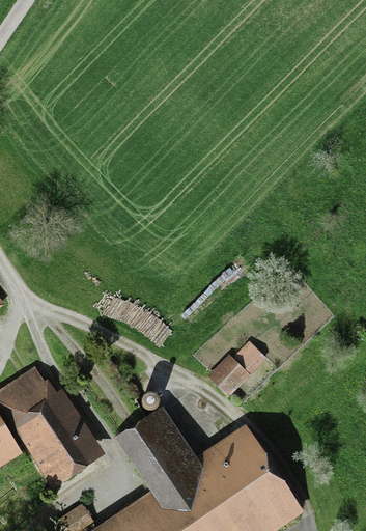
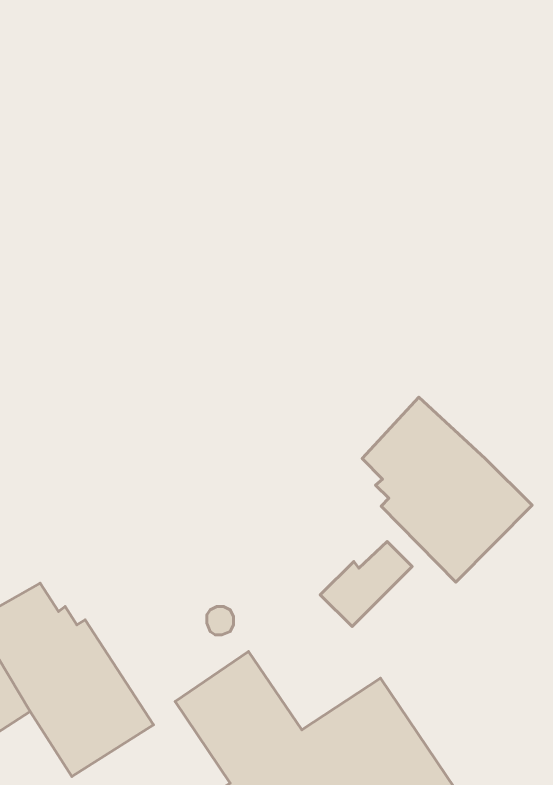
building: none -> [362,397,532,582]

